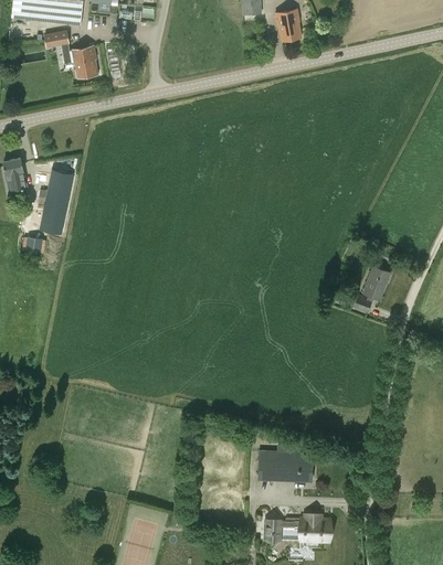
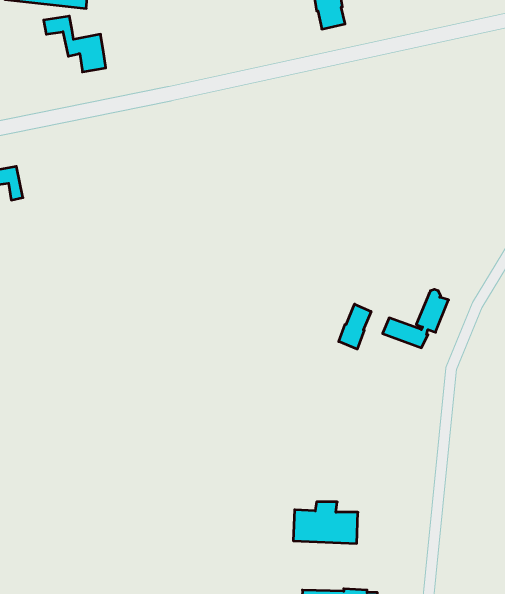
building: [39,168,73,232] -> none
building: none -> [339,304,371,349]

